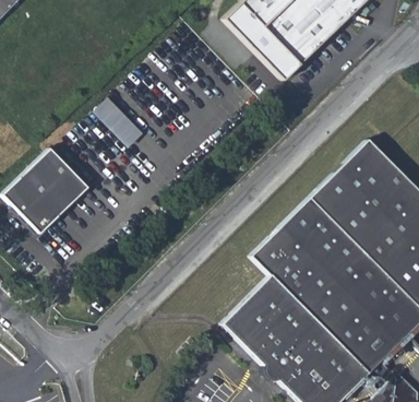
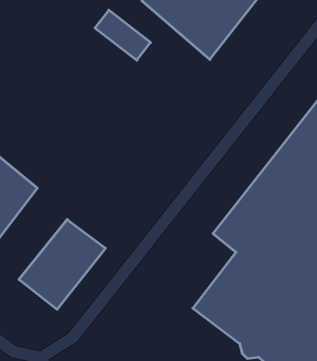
building: [96,97,147,149] -> [95,10,151,60]
building: none -> [19,219,105,309]

